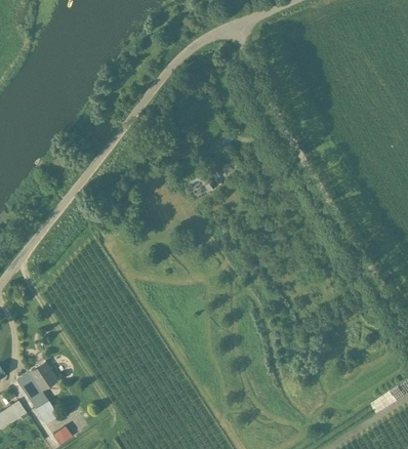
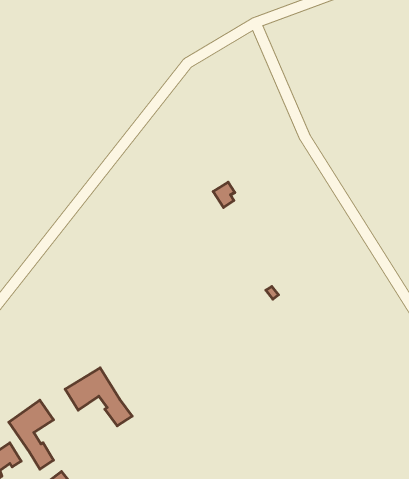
building: none -> [65,368,132,426]

